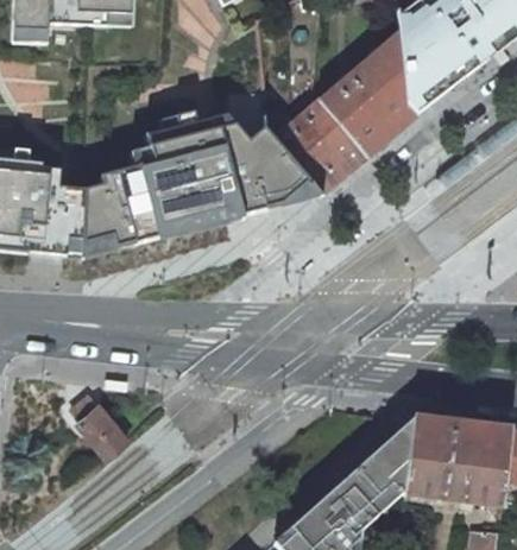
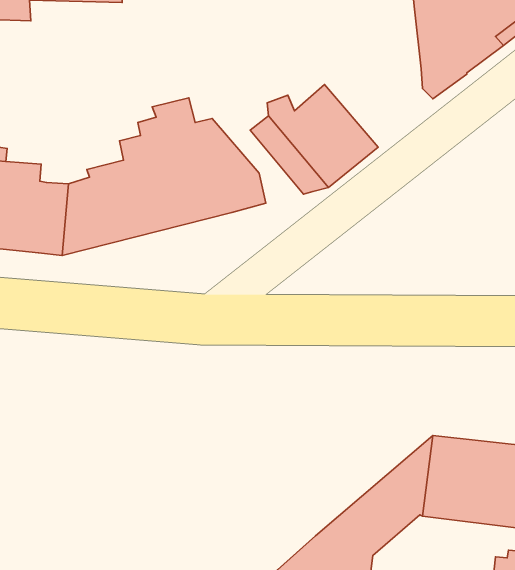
building: [316,31,415,157] -> none
building: [214,125,297,208] -> none
building: [71,392,128,453] -> none

